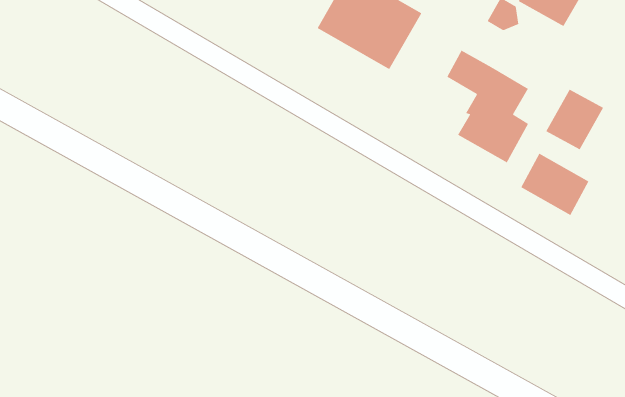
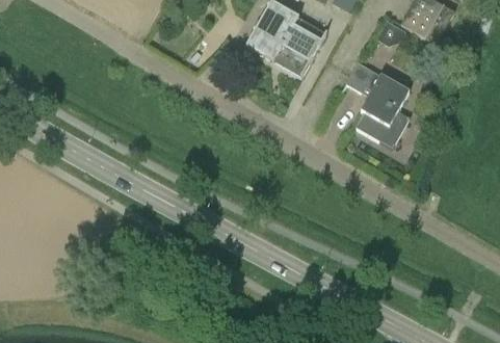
building: [545,89,604,150] -> none
building: [520,153,589,216] -> none

